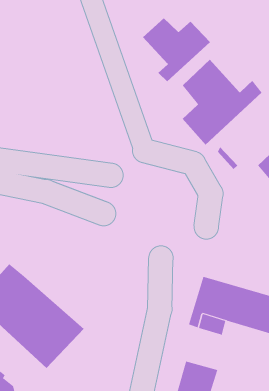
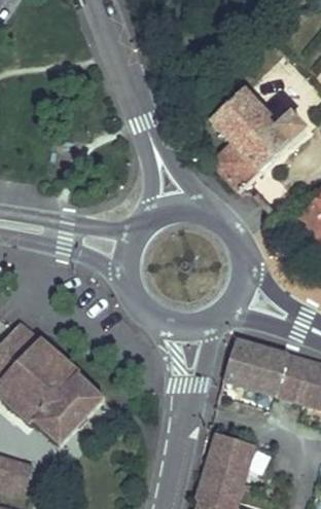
building: [142,17,211,82] -> none

